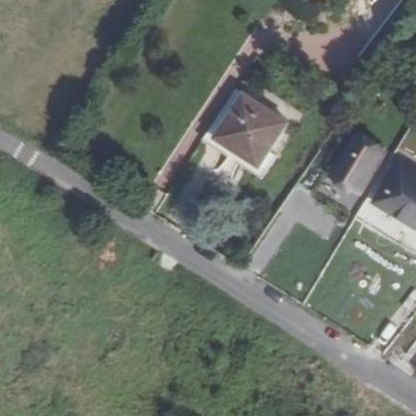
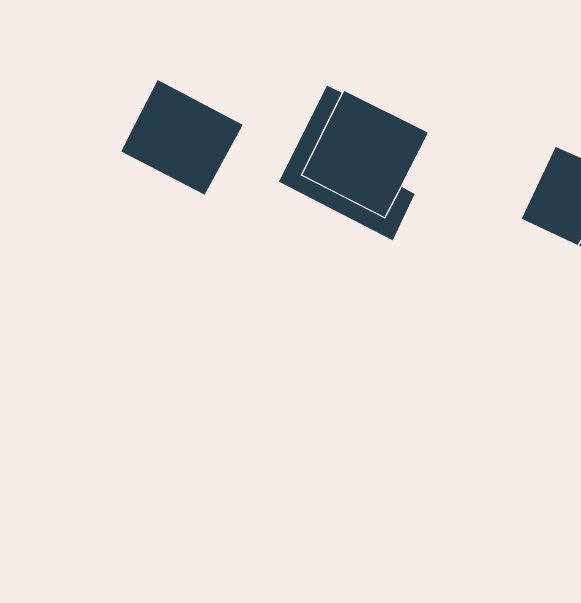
building: none -> [121,79,243,196]

